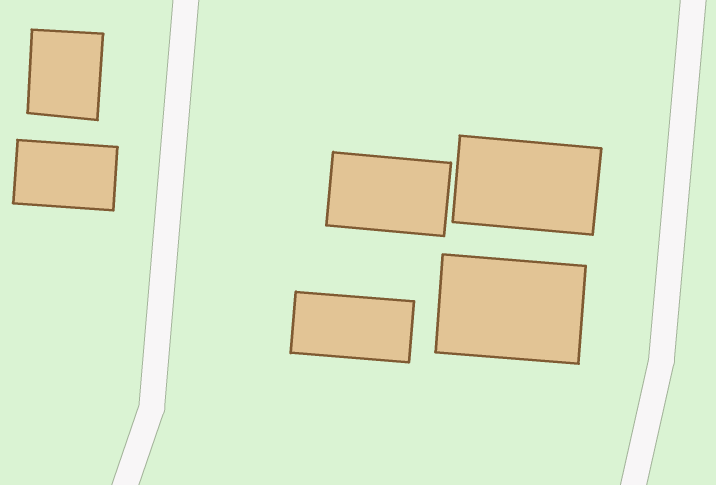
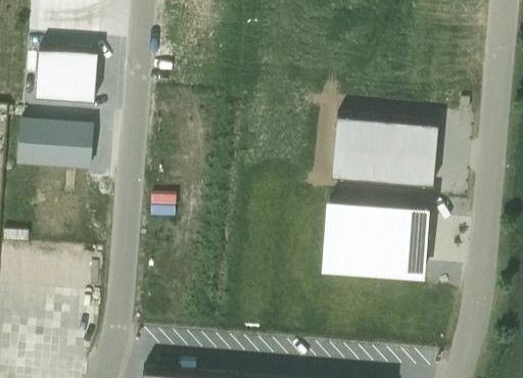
building: [326,152,451,236] -> none
building: [291,292,414,362] -> none

